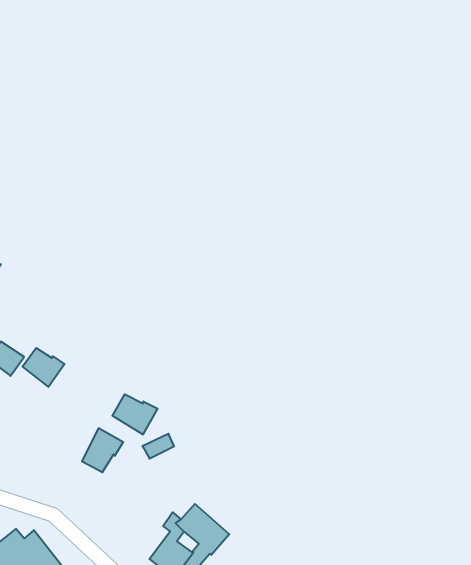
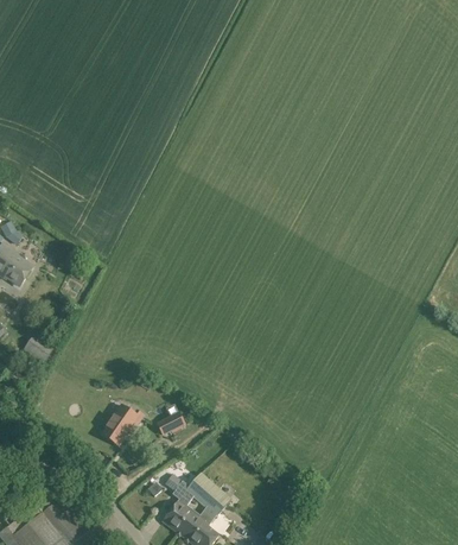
building: [23,348,65,387] -> none
building: [112,394,157,435] -> none

